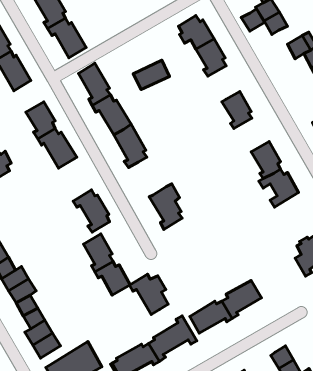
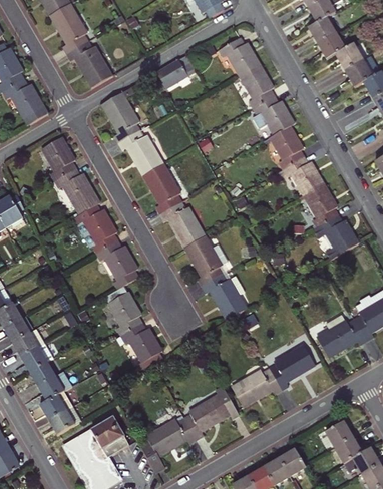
building: [241,9,264,31] -> [335,44,362,70]
building: [133,60,170,89] -> [156,54,199,88]
building: none -> [252,95,294,134]
building: none -> [283,156,324,195]
building: none -> [160,201,205,248]
building: none -> [73,203,117,253]
building: none -> [316,314,366,357]
building: [129,274,168,315] -> [202,273,247,320]

